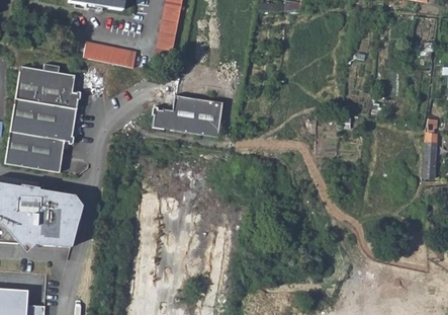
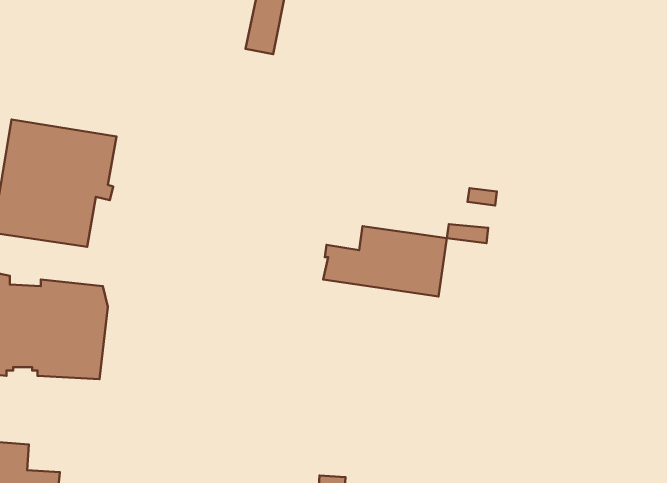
building: [82,42,136,68] -> none
building: [16,67,83,107] -> none
building: [153,95,226,137] -> [323,226,447,297]

